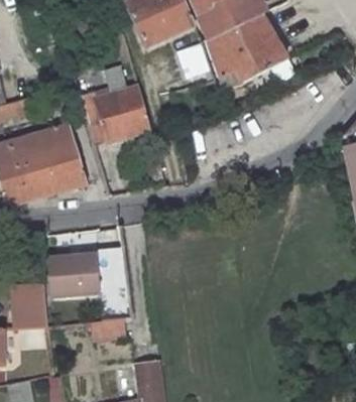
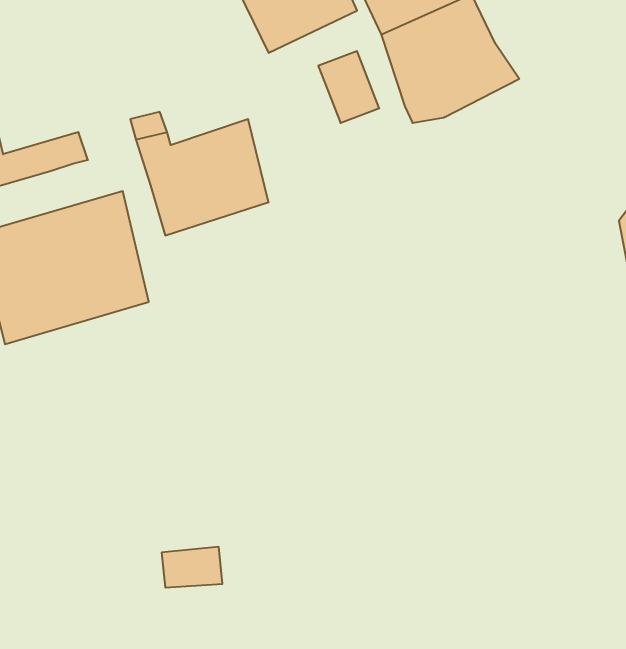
building: [47,252,99,294] -> none
building: [9,283,46,326] -> none

